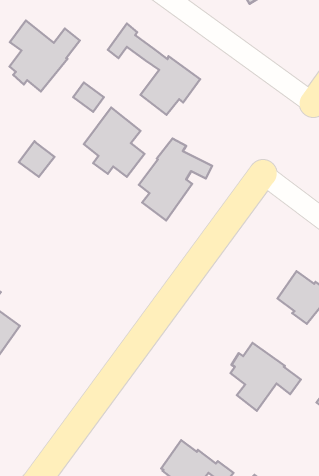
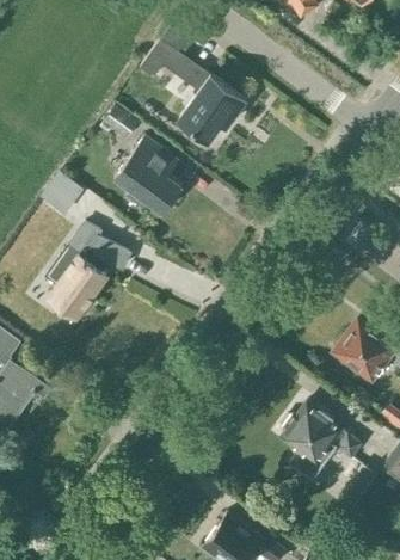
building: [10,21,80,92] -> none
building: [139,139,212,220] -> [47,223,130,316]

